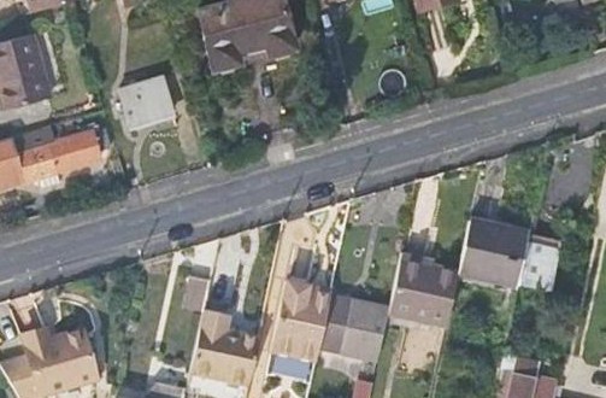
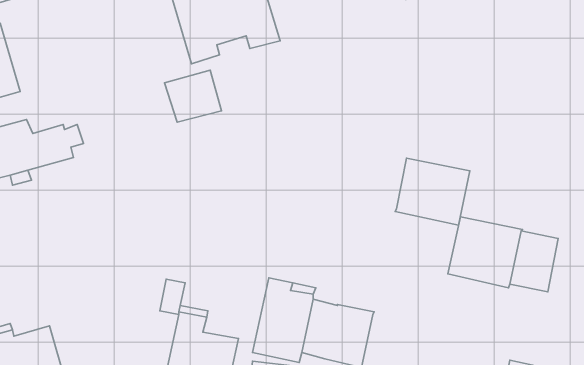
building: [119,77,173,127] -> [165,70,222,122]
building: [387,261,458,324] -> [395,158,470,225]

